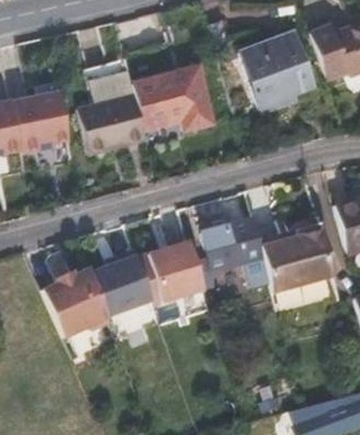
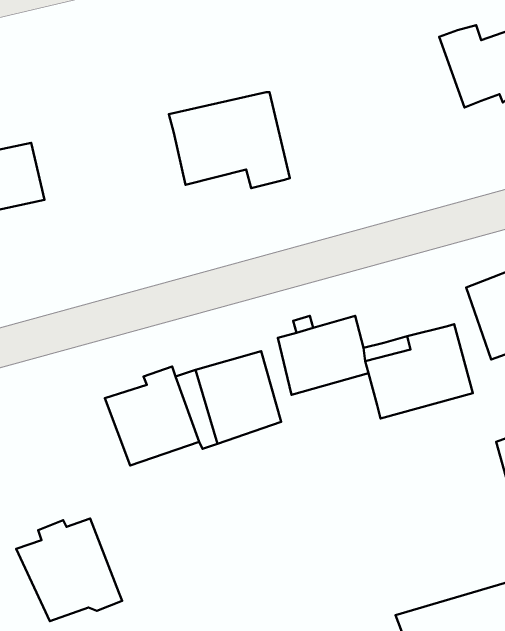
building: [253,44,327,118] -> none
building: [73,67,148,153] -> none
building: [42,266,111,333] -> [16,518,122,621]

